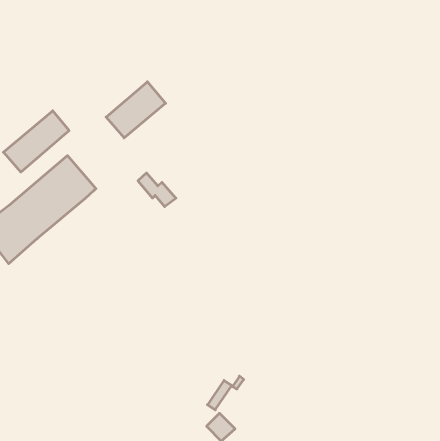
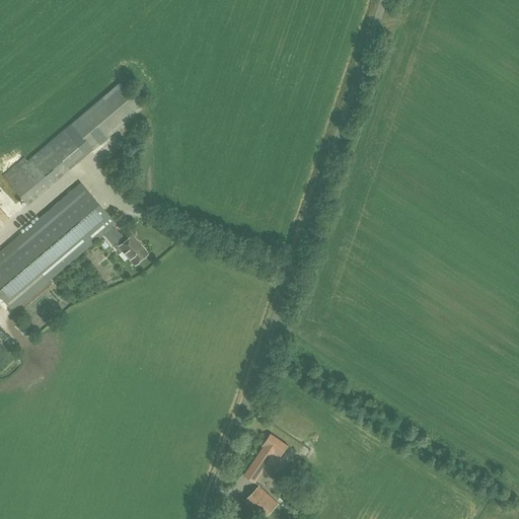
building: [106,82,166,138] -> [69,82,139,148]
building: [138,173,176,207] -> [100,223,145,263]

